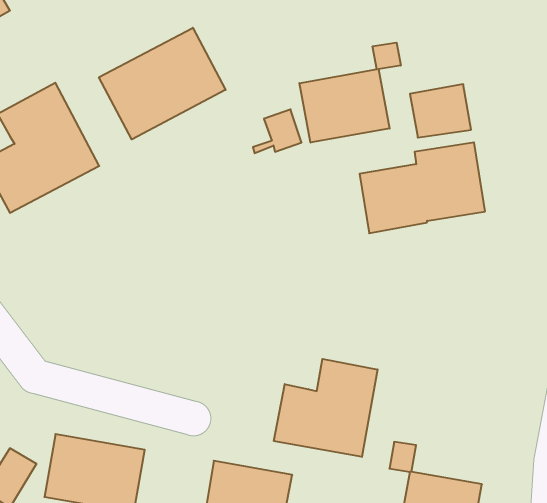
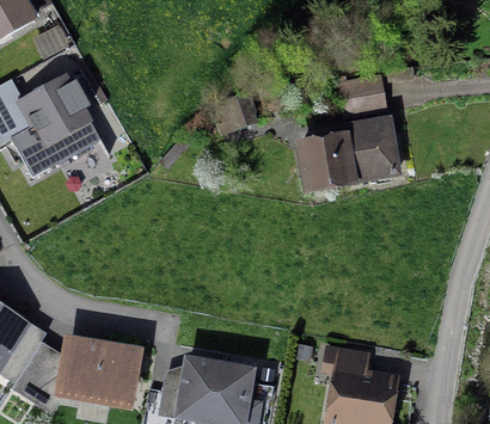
building: [99,28,226,139] -> none
building: [299,43,401,143] -> none
building: [274,359,378,457] -> none

